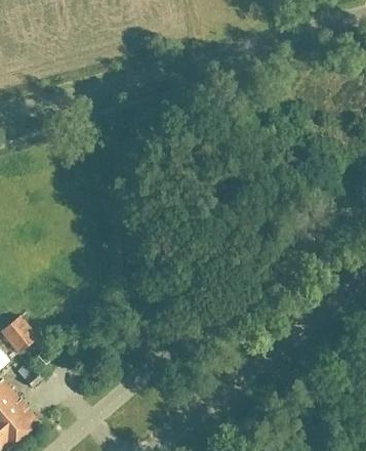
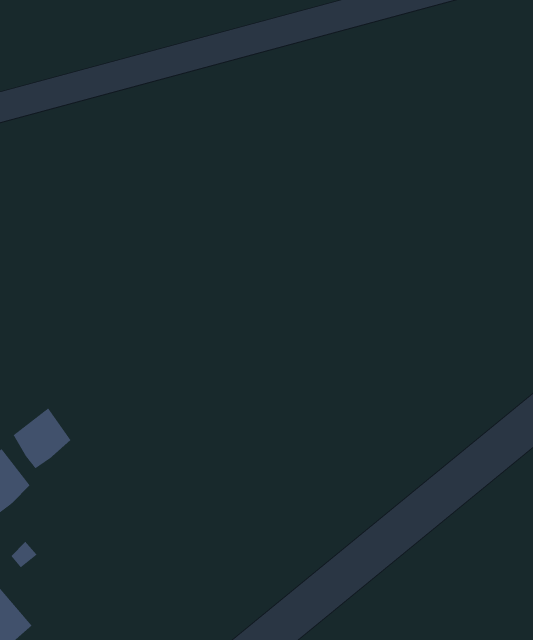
building: none -> [13,407,71,469]

